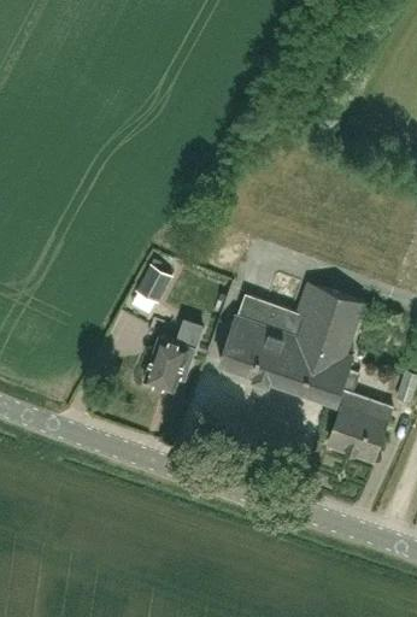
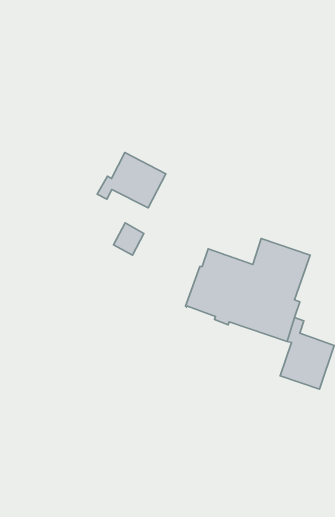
building: none -> [97,153,166,208]
building: [145,319,201,389] -> none

